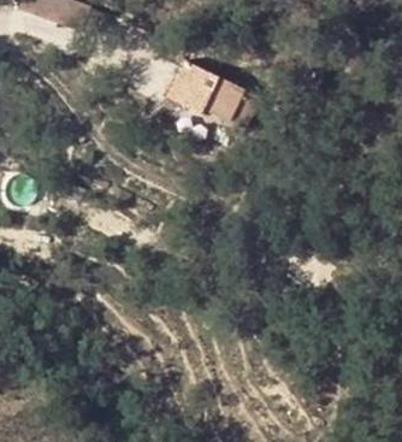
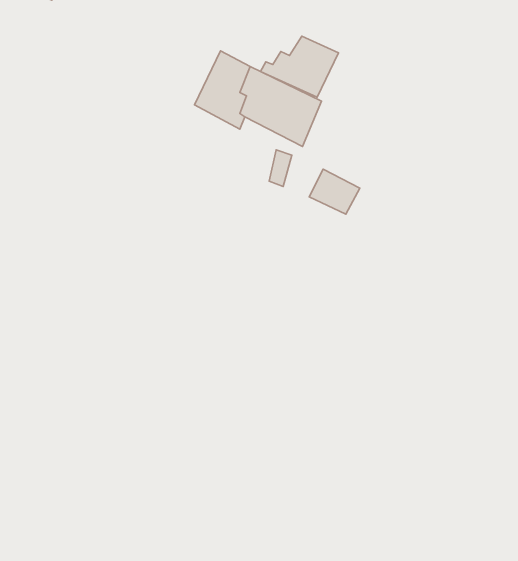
building: none -> [260,36,339,97]

